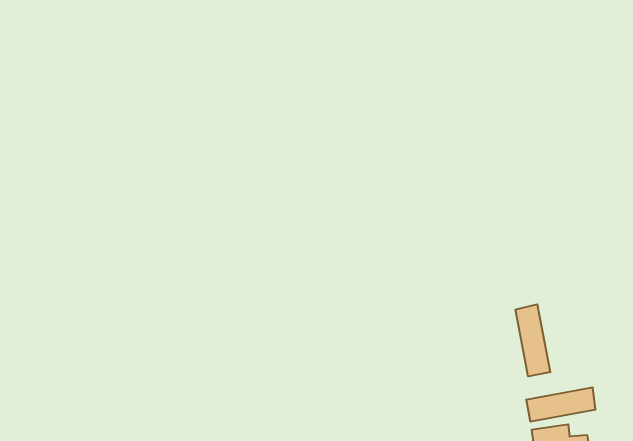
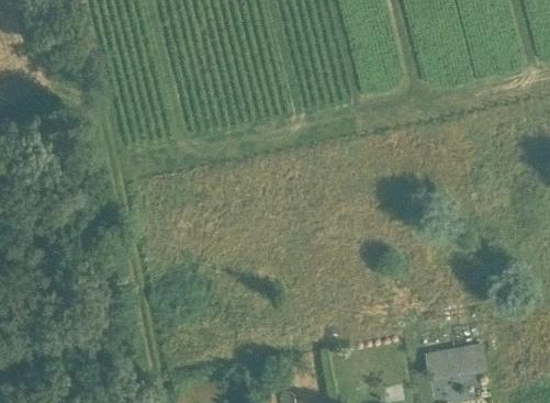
building: [516,304,550,376] -> none

